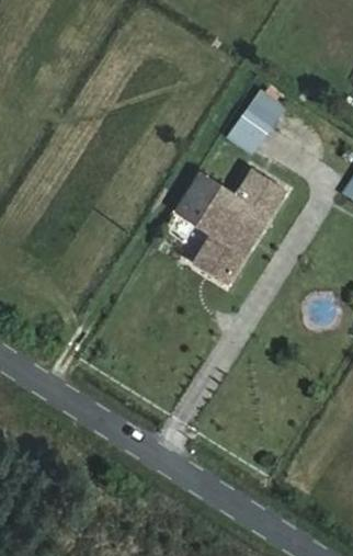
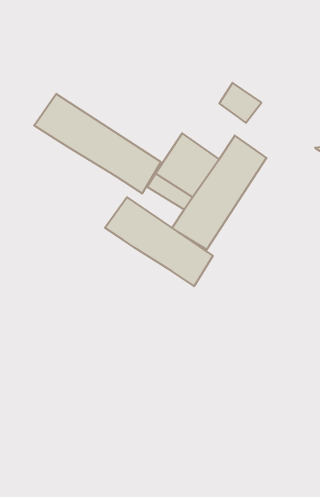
building: none -> [34,94,161,194]
building: none -> [105,197,213,286]

